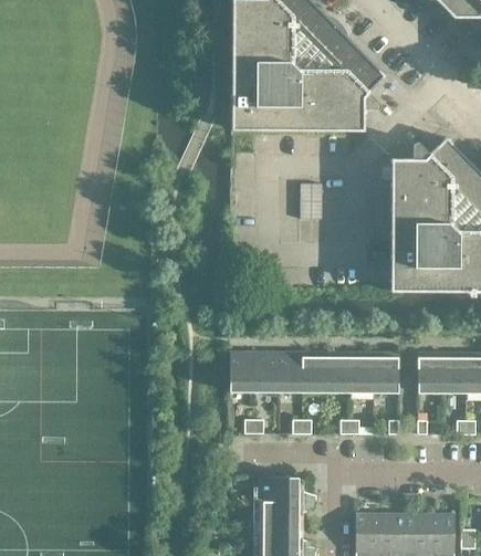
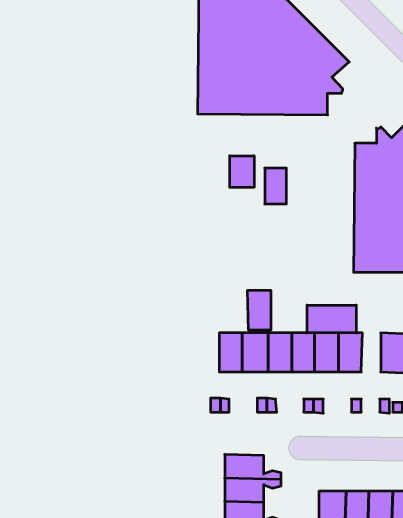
building: none -> [230,156,254,187]
building: none -> [307,305,356,333]
building: [230,353,254,392] -> [247,291,271,330]

